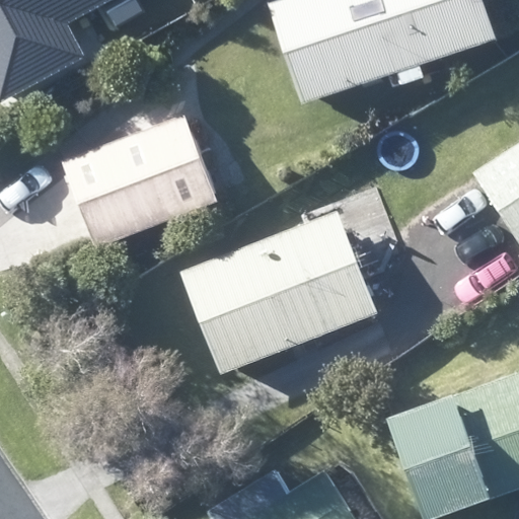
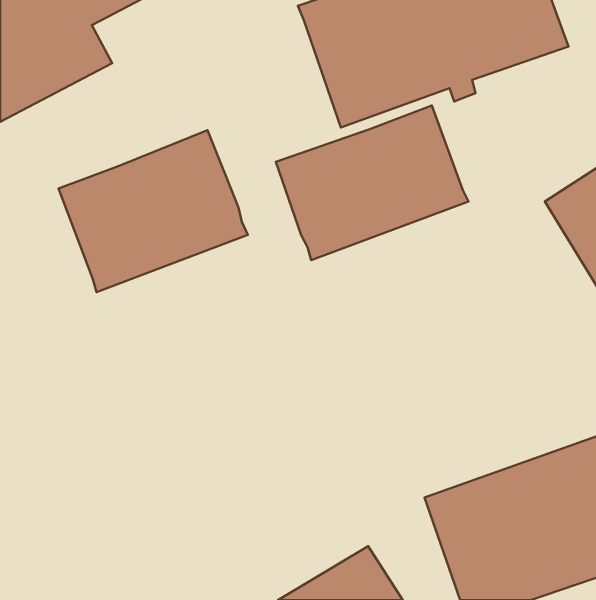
building: none -> [276,106,469,260]
building: [178,209,378,373] -> none

